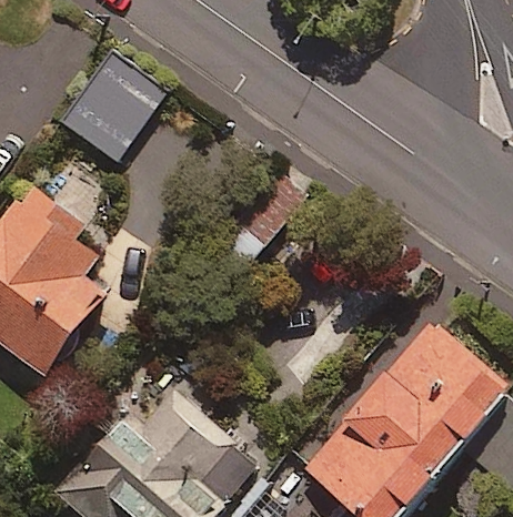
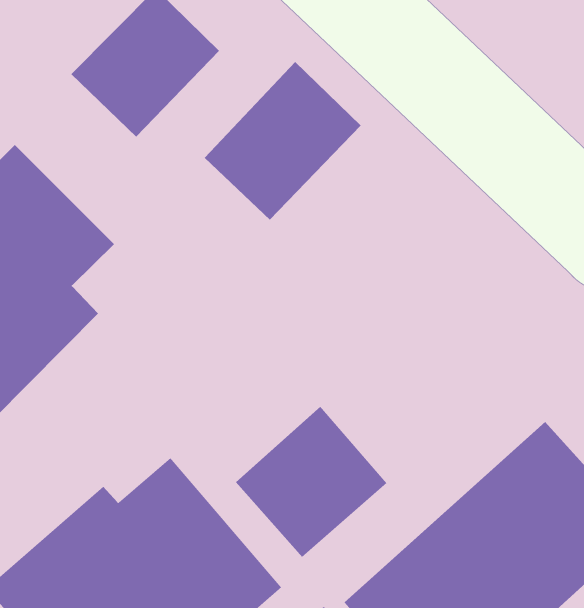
building: none -> [204,61,361,220]
building: none -> [235,406,388,558]

